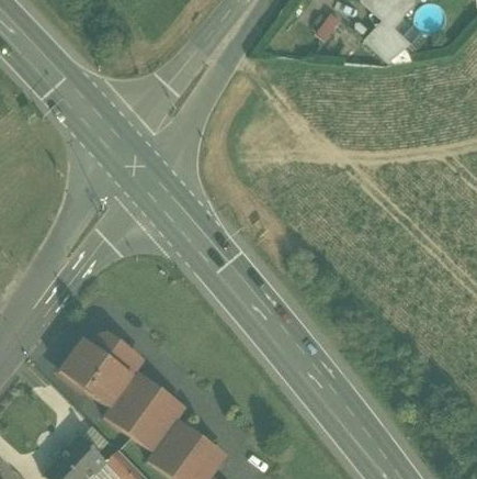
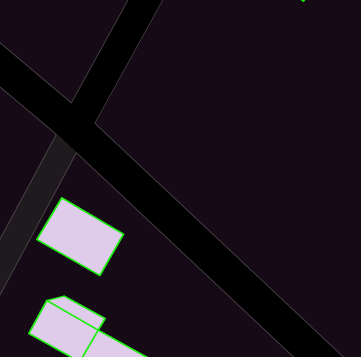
building: none -> [37,198,124,275]

